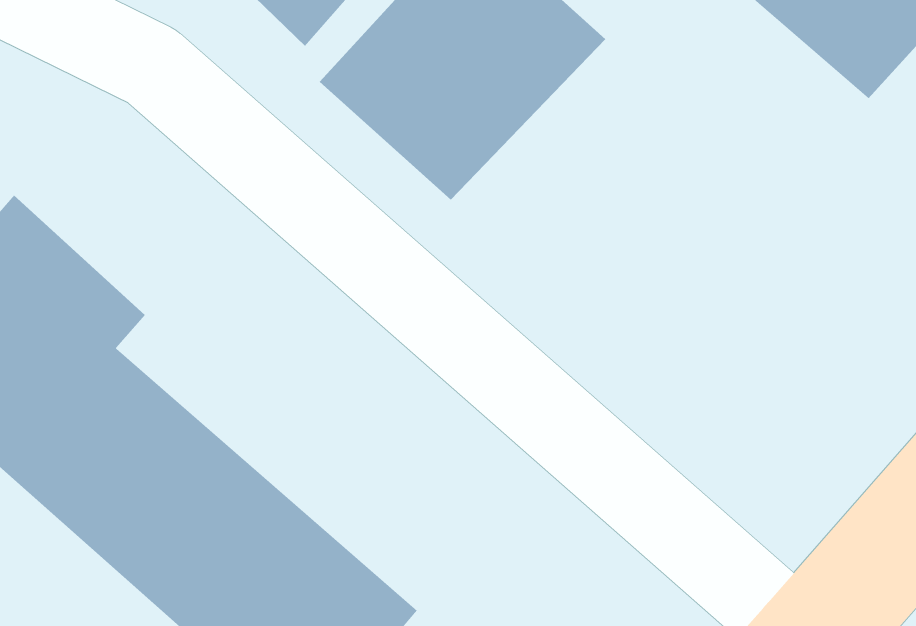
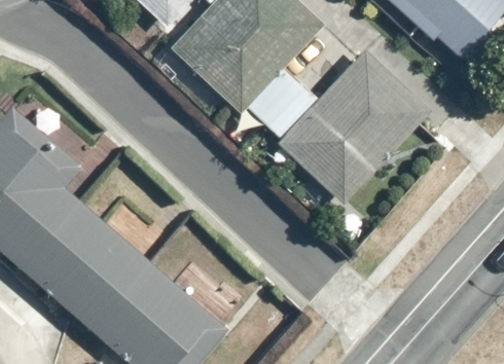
building: none -> [277,50,428,206]

